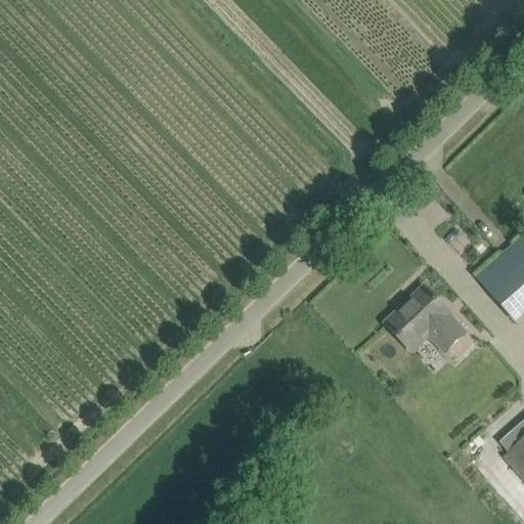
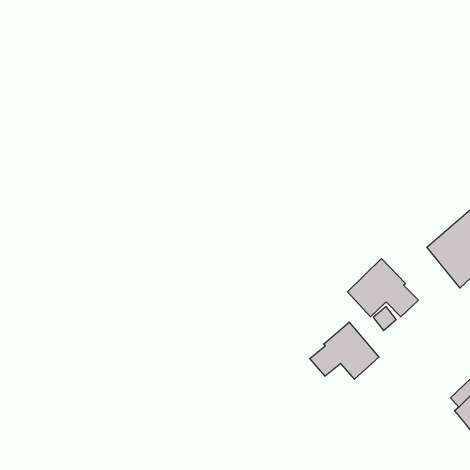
building: none -> [310,322,379,379]

